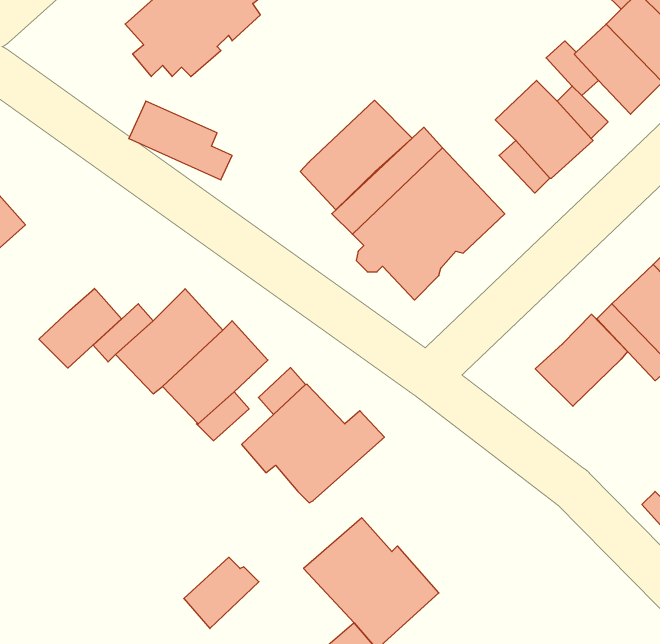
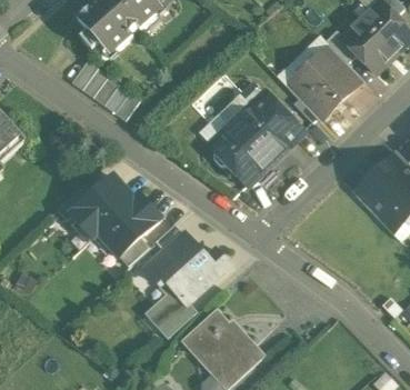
building: [300,100,412,210] -> none
building: [39,288,122,368] -> none
building: [535,314,628,406] -> none
building: [184,557,259,629] -> [152,296,197,338]

